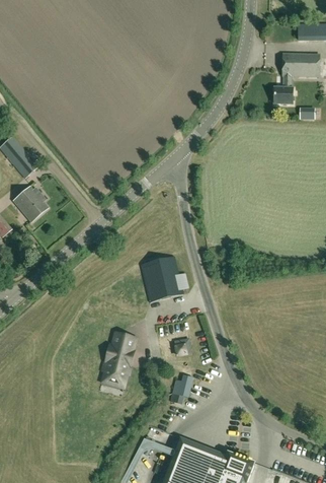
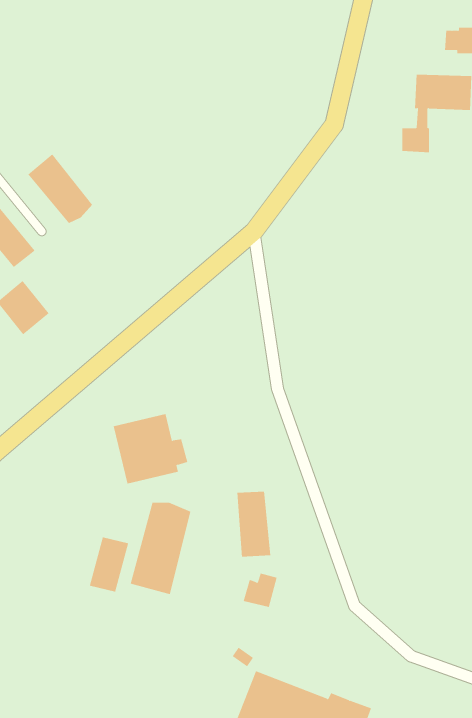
building: none -> [28,154,93,224]
building: [140,257,188,302] -> [113,414,188,484]
building: none -> [89,537,129,593]

